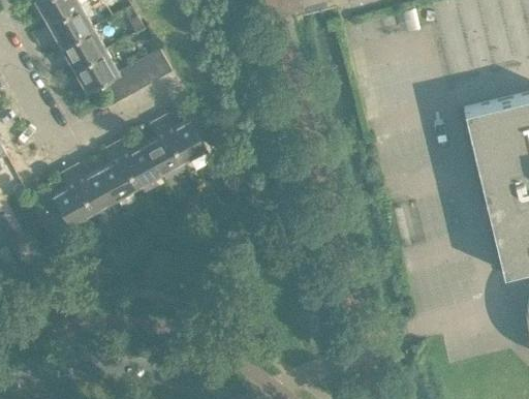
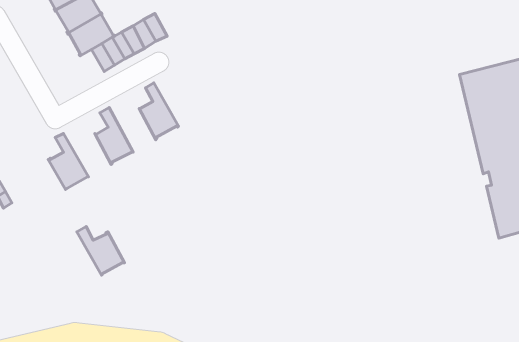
building: [159,116,207,163] -> none
building: [115,141,161,189] -> none
building: [69,165,117,214] -> [77,227,124,275]

